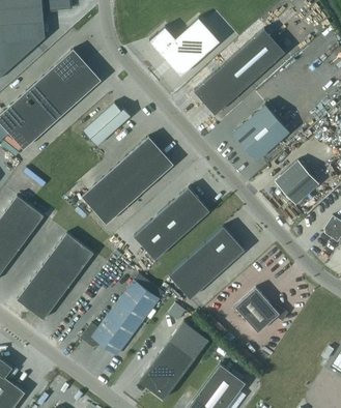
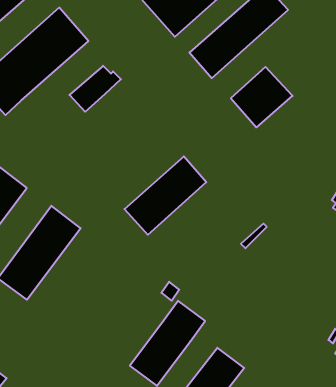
building: [82,137,173,224] -> none
building: [275,161,319,205] -> none
building: [169,227,245,299] -> none
building: [81,281,159,355] -> none
building: [234,288,288,332] -> none

